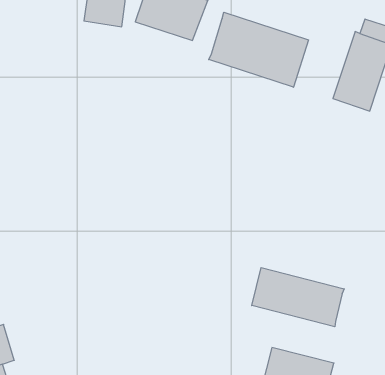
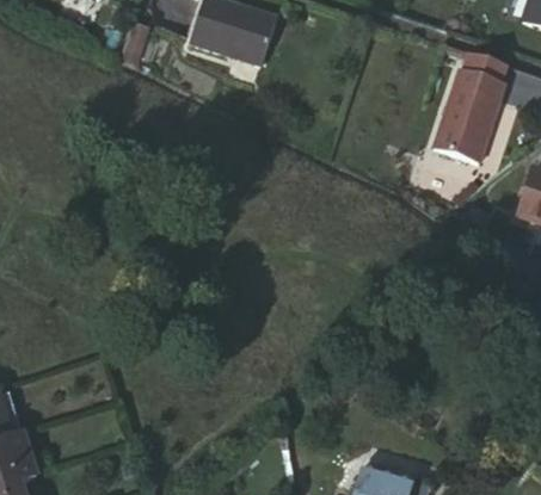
building: [209,12,309,87] -> none
building: [252,268,344,327] -> none

